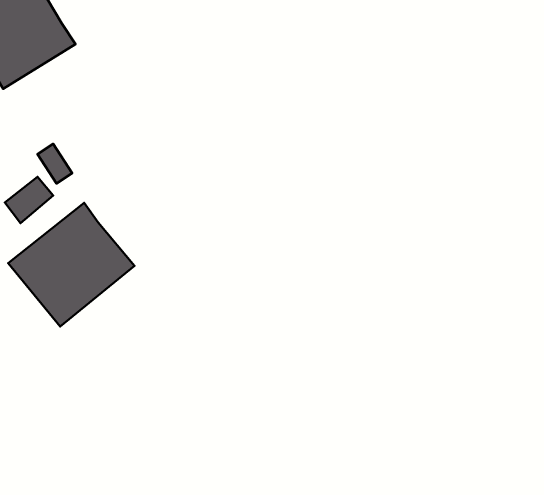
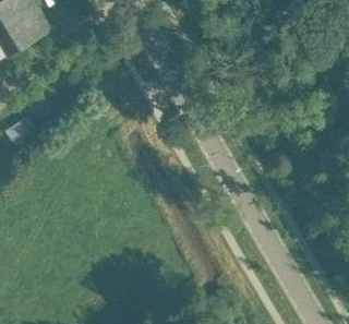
building: [8,203,134,327] -> none

